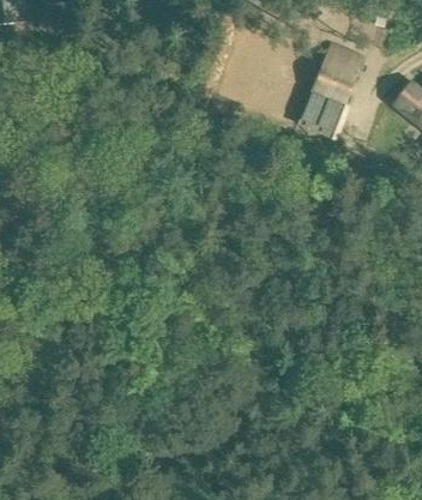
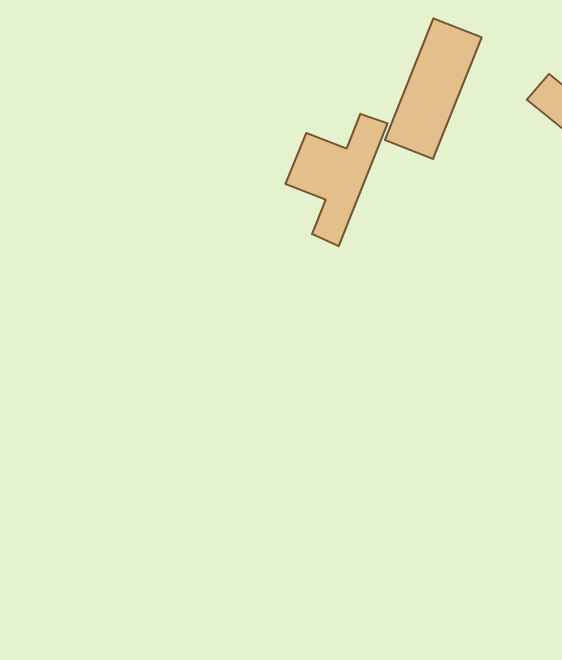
building: none -> [286,114,388,246]

